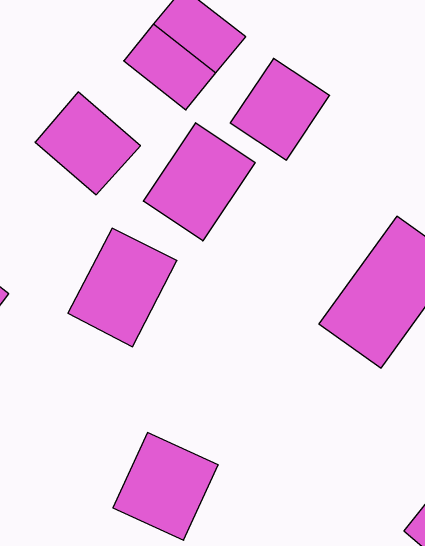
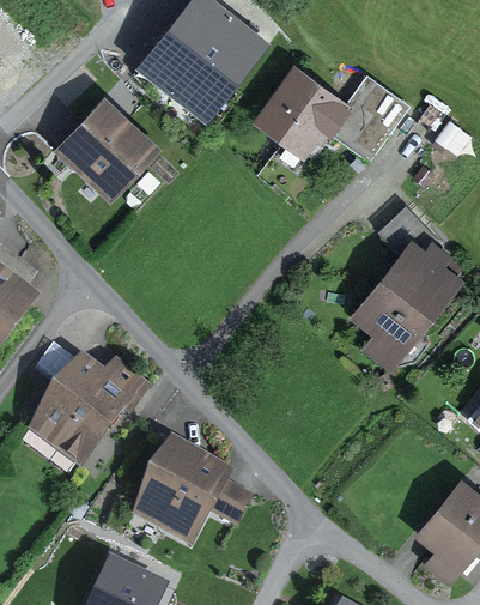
building: none -> [336,66,413,145]
building: [143,123,255,241] -> none
building: [68,228,177,347] -> [29,350,138,468]

